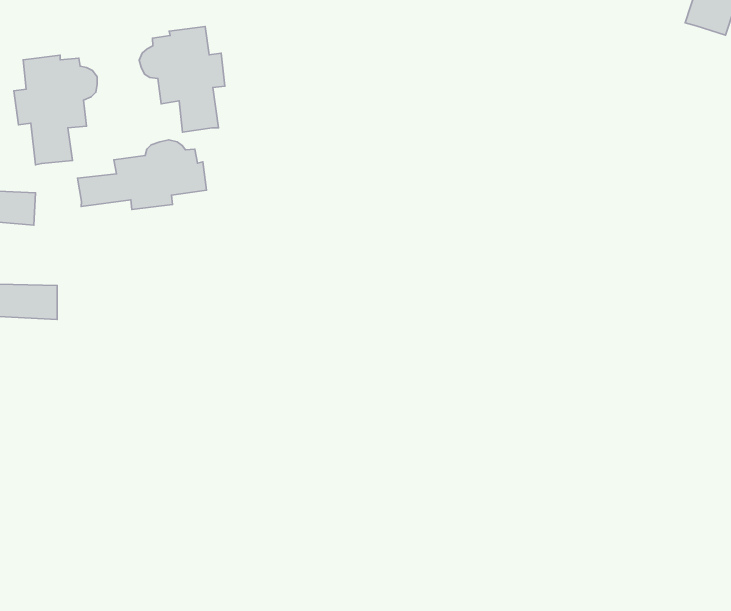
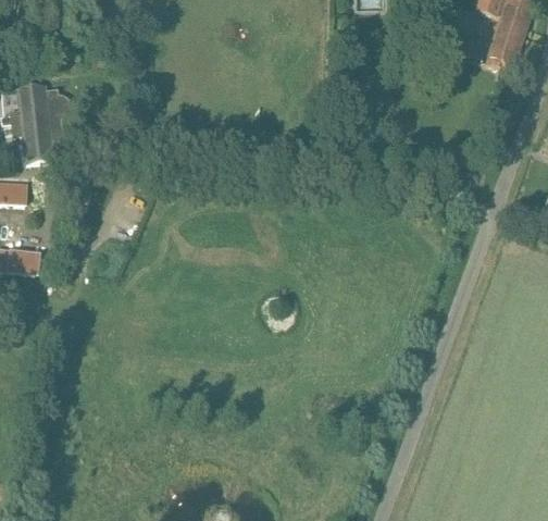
building: [139,27,225,132] -> none
building: [77,140,206,209] -> none

